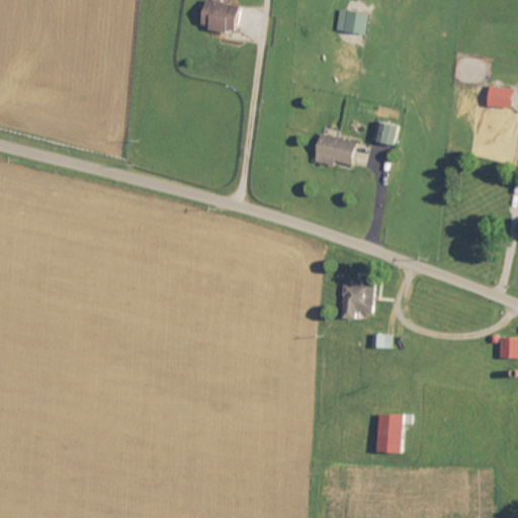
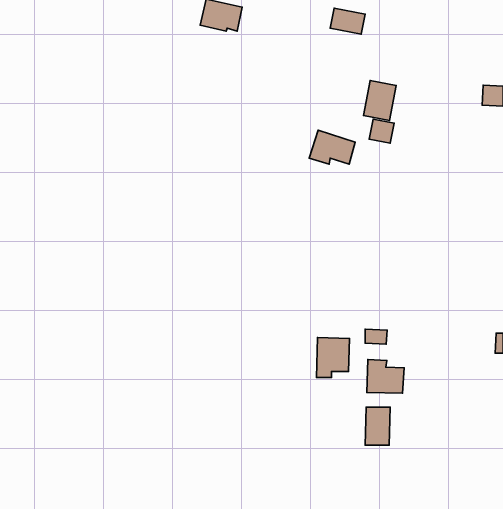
building: none -> [363,81,396,120]
building: [342,278,375,319] -> [316,337,349,377]
building: none -> [367,359,404,393]

